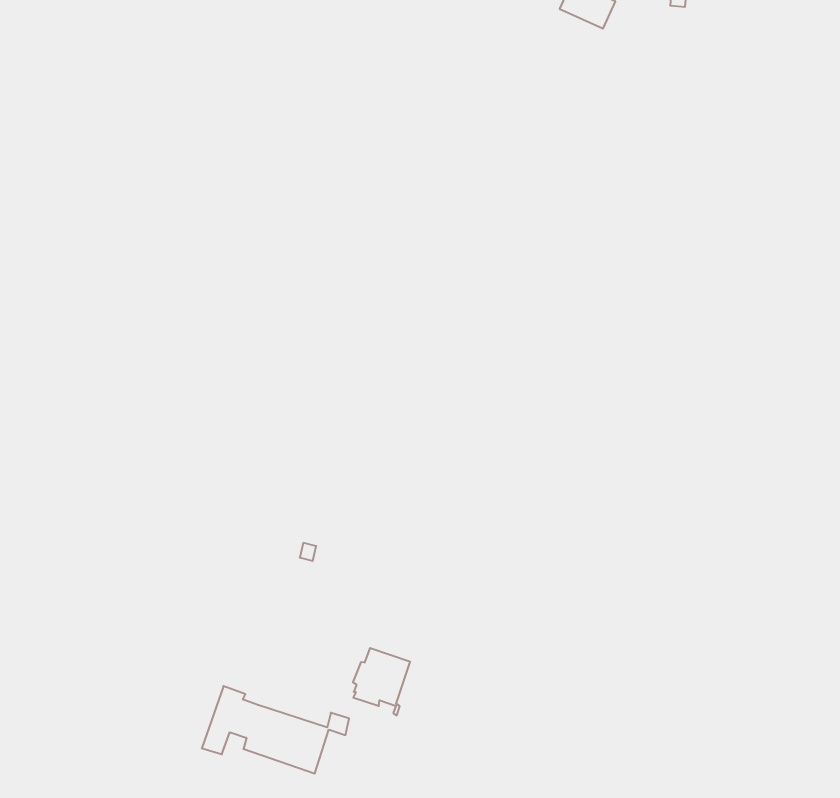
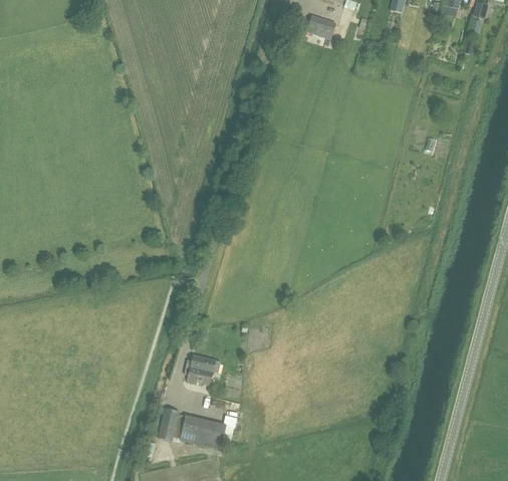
building: [353,648,410,715] -> [185,353,214,388]

